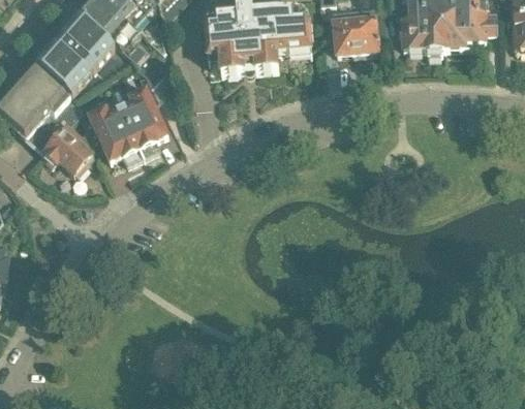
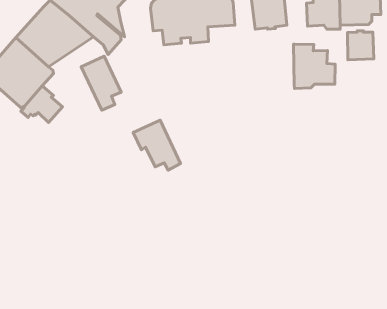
building: none -> [348,31,374,60]
building: none -> [294,44,335,88]
building: [82,99,142,162] -> [133,120,181,170]

